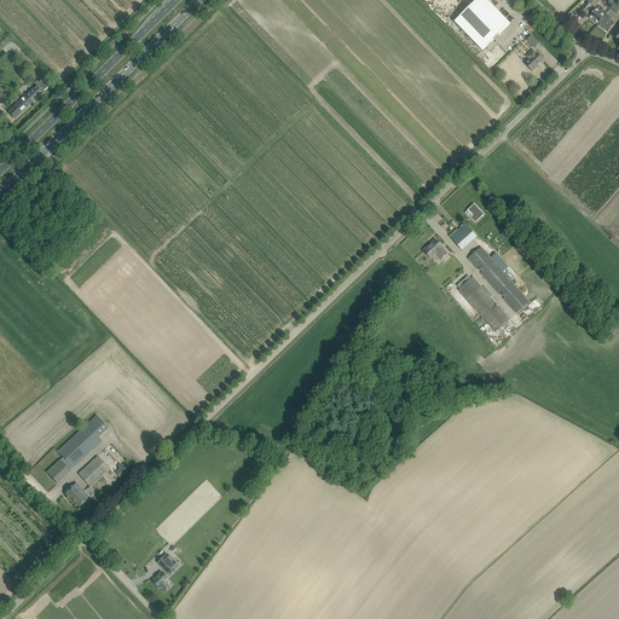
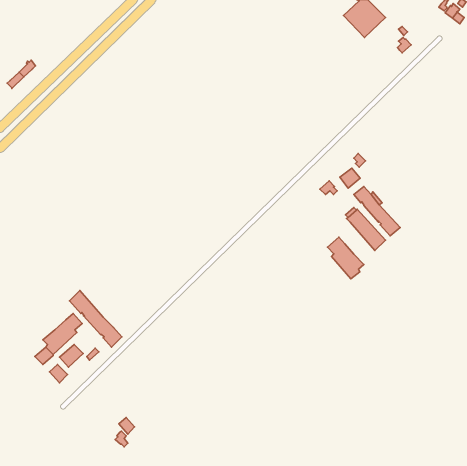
building: none -> [328,237,364,279]
building: none -> [70,291,122,347]

